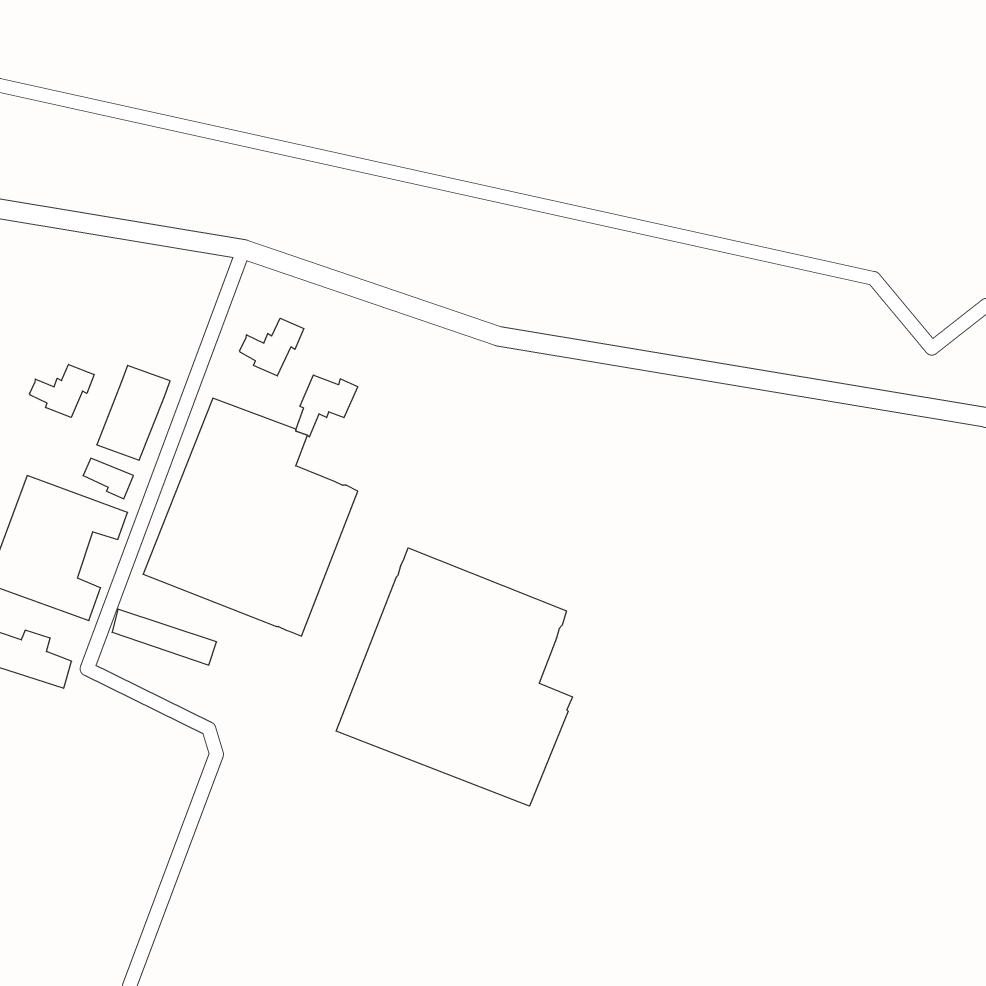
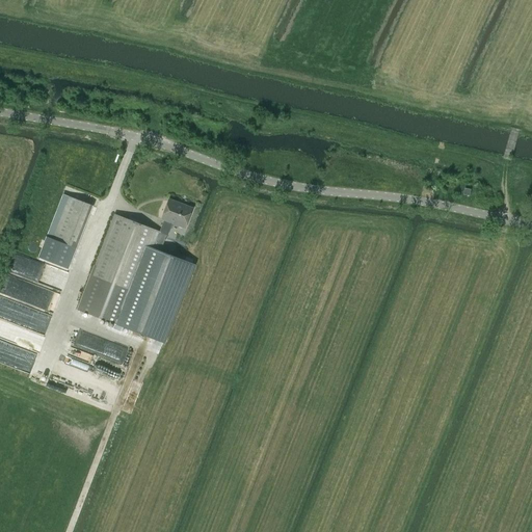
building: [239,318,304,376] -> none
building: [30,364,94,417] -> none
building: [336,548,573,806] -> none

